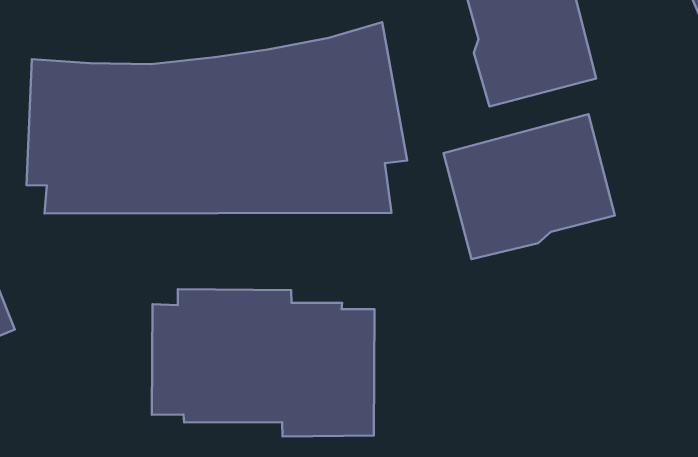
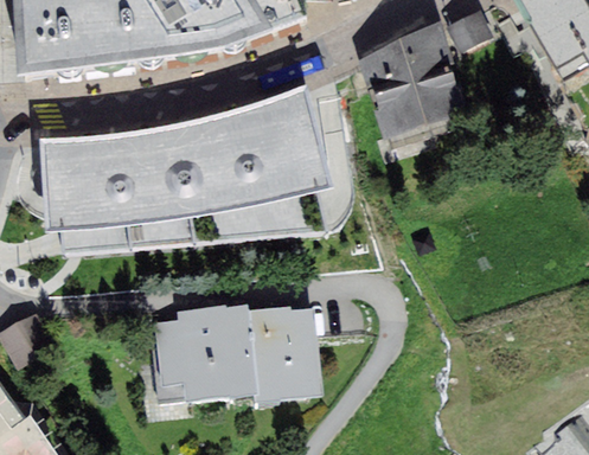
building: [444,114,615,259] -> none

